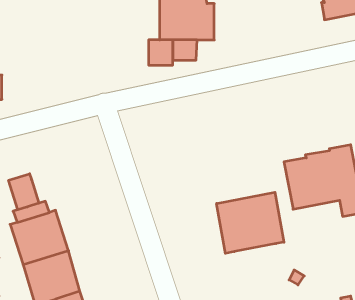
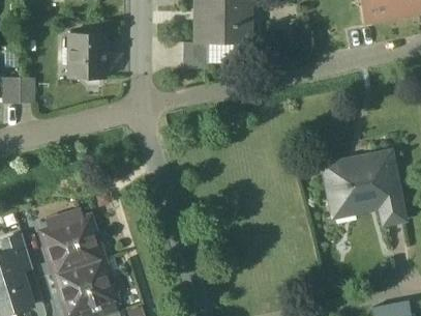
building: none -> [69,32,104,78]
building: [9,174,39,210] -> none
building: [217,192,284,253] -> none

